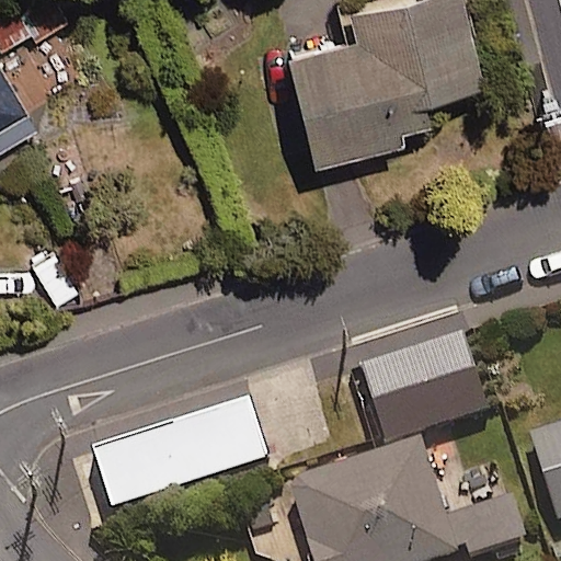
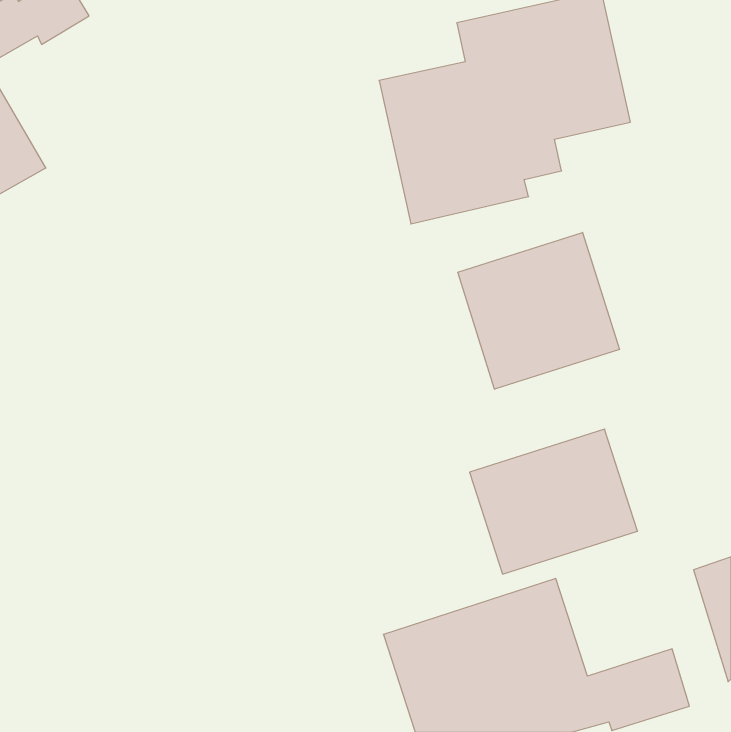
building: none -> [458,232,620,389]
building: [94,398,264,504] -> none

